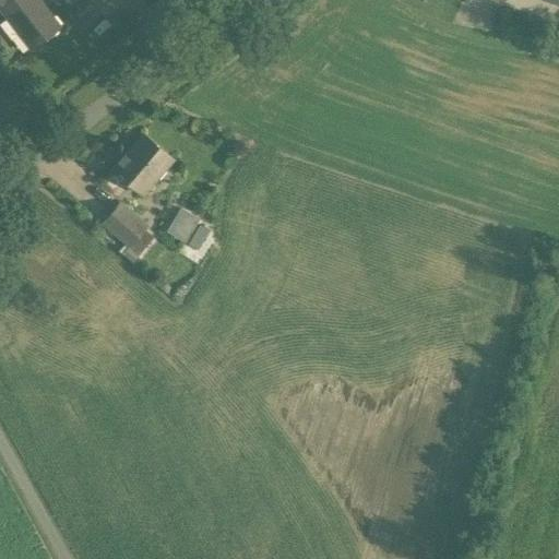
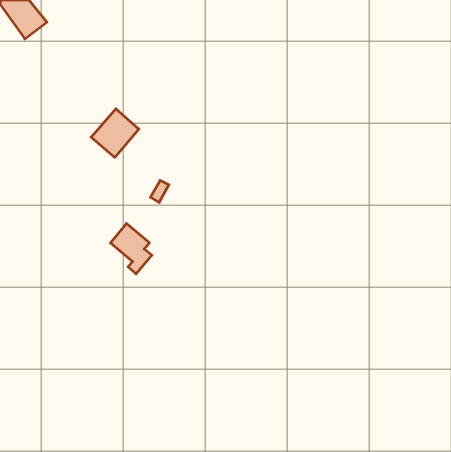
building: [102,200,153,262] -> [110,223,152,274]
building: [166,207,199,243] -> none

